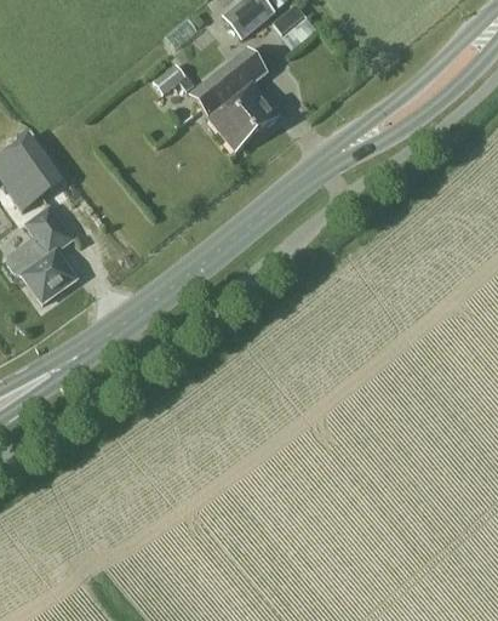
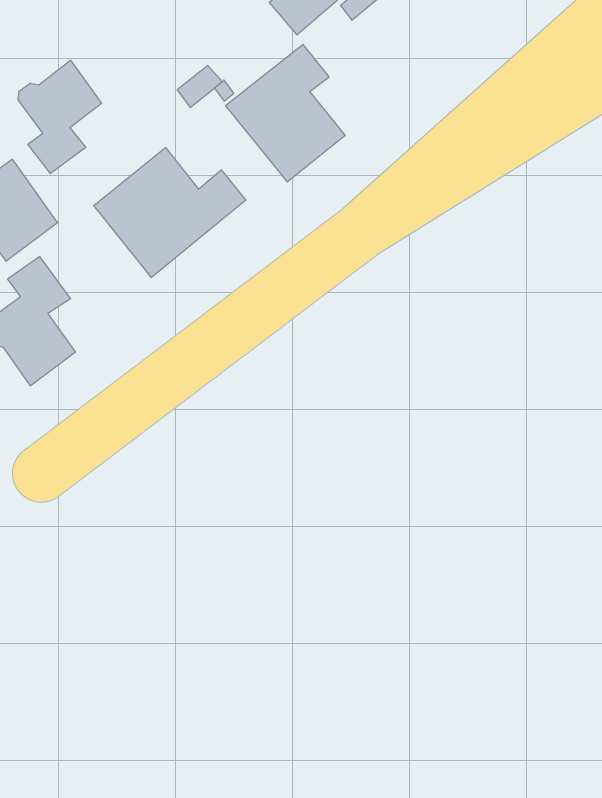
building: none -> [18,60,102,174]
building: none -> [94,148,246,277]

